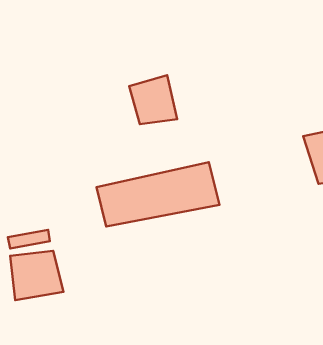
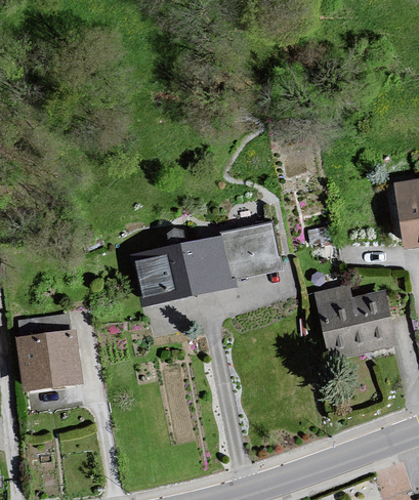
building: [129,75,177,124] -> none
building: none -> [319,291,400,363]

